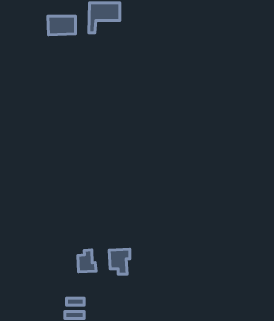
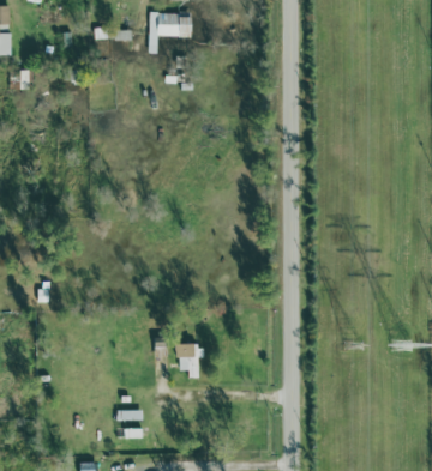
building: [78,250,96,272] -> none

